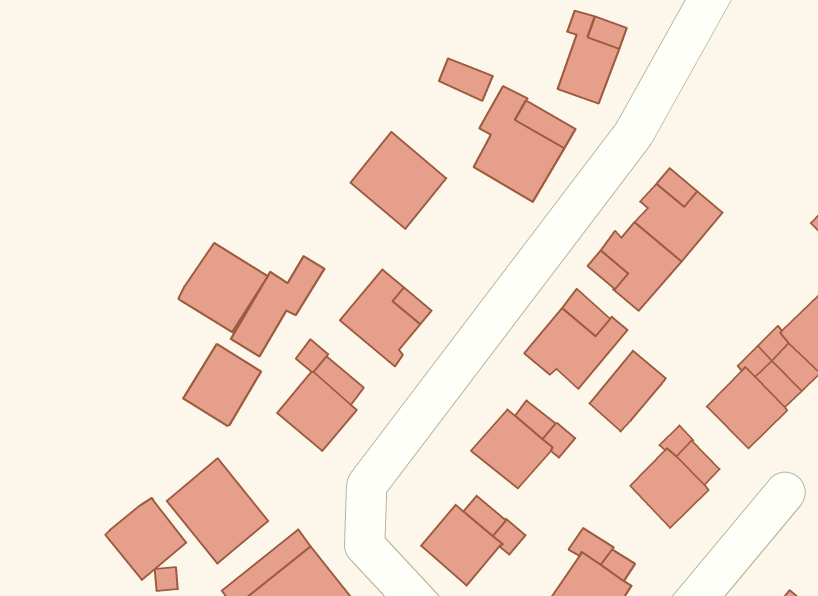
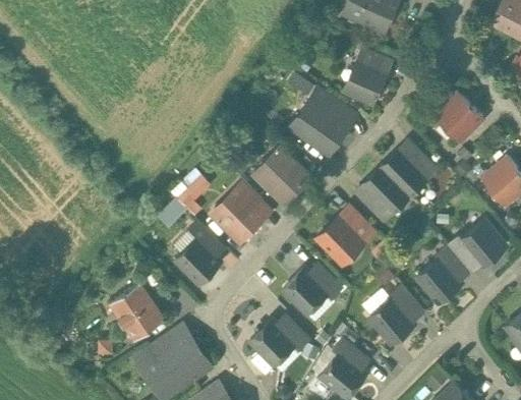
building: none -> [436,95,481,141]
building: [350,132,446,229] -> [254,148,308,203]
building: [179,243,268,332] -> none
building: [183,344,261,426] -> none
building: [589,351,666,432] -> none
building: [105,498,186,580] -> none

